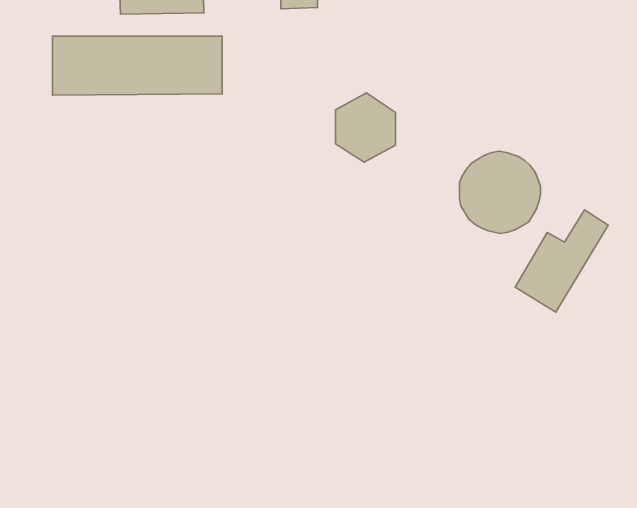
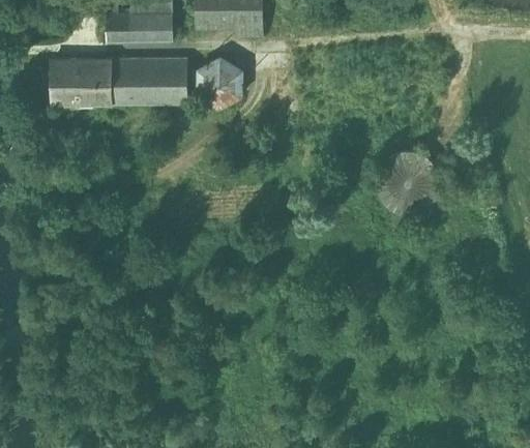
building: [335,93,395,162] -> [195,55,242,110]
building: [515,210,608,312] -> none

